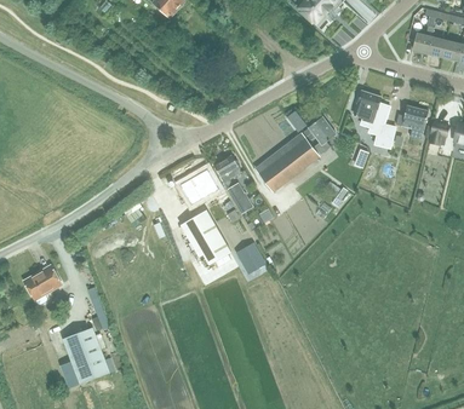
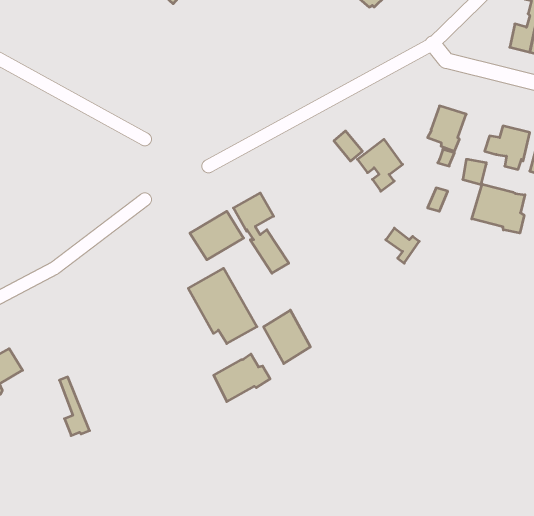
building: [256,133,319,191] -> none
building: none -> [472,184,525,233]
building: none -> [214,354,270,402]
building: [63,327,115,384] -> none

